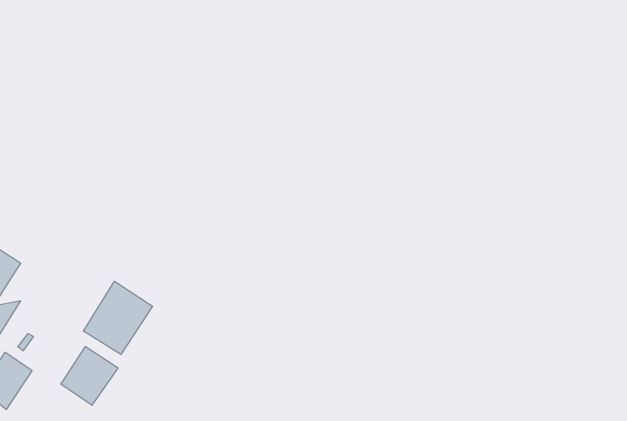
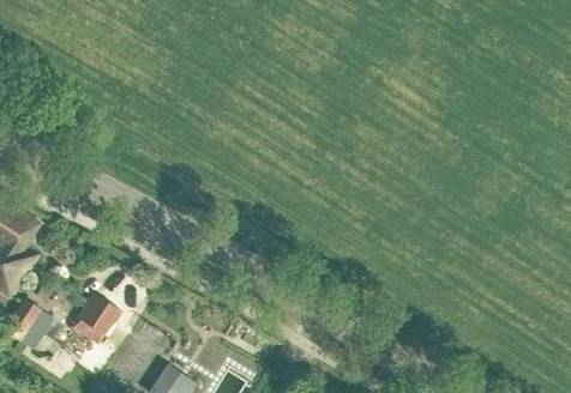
building: [83,281,153,355] -> none

